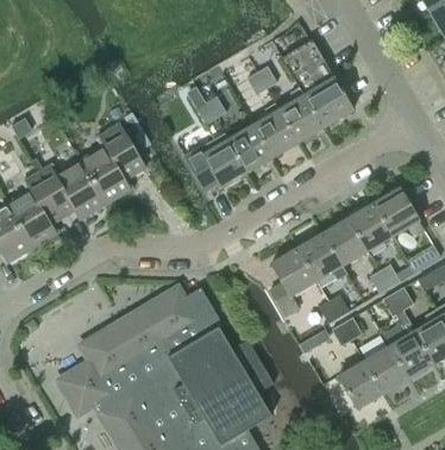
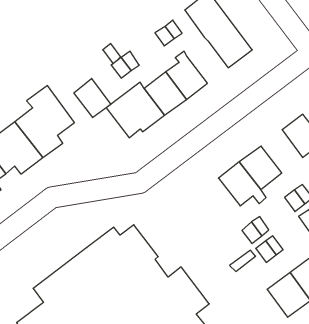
building: [280,90,324,142] -> none
building: none -> [74,78,111,118]
building: [350,202,394,250] -> none
building: [270,248,319,317] -> none

